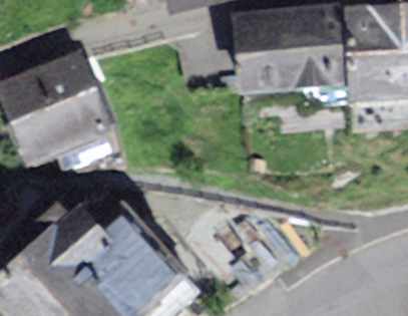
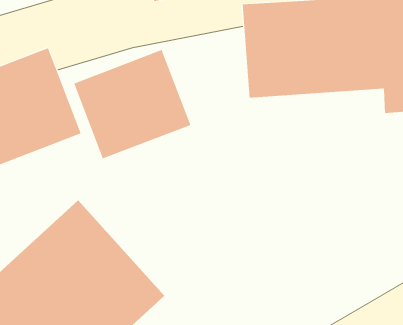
building: none -> [73,49,191,159]

